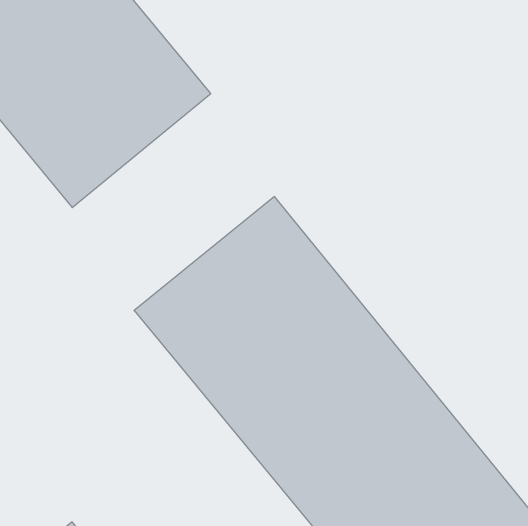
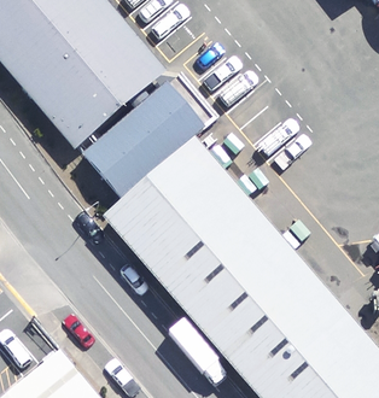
building: none -> [75,81,208,206]

